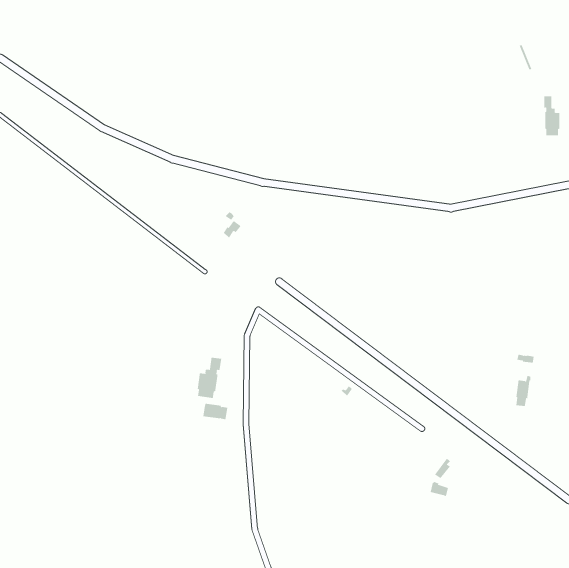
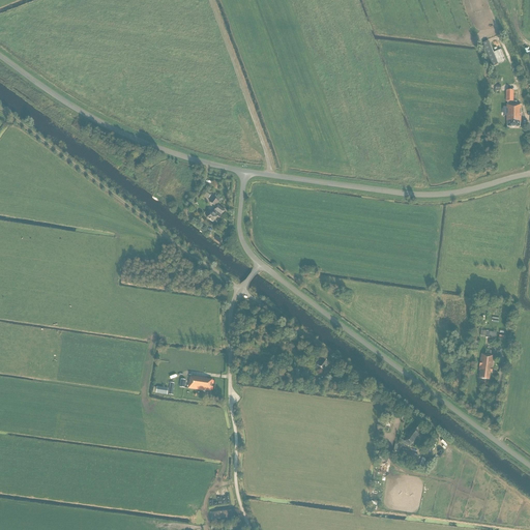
building: [197,357,222,399] -> none

